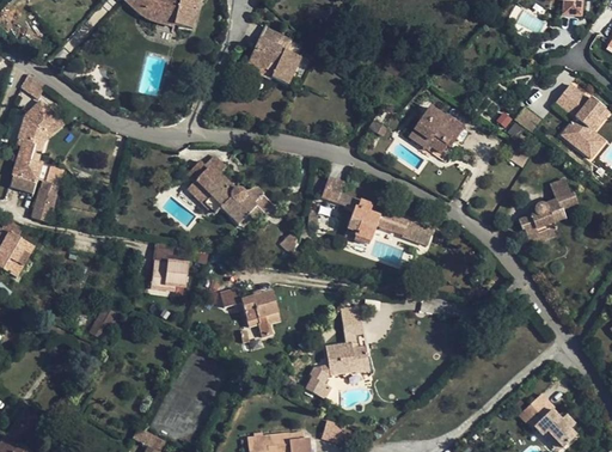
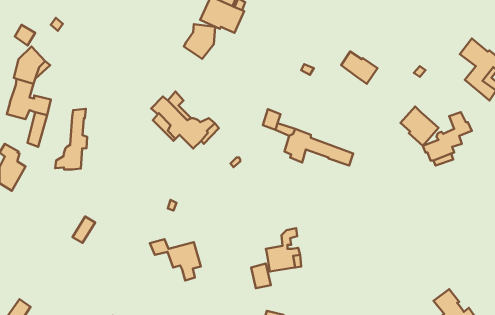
building: none -> [184,24,215,59]
building: [408,122,452,160] -> none
building: none -> [401,106,438,146]
building: none -> [55,109,87,169]
building: [151,259,188,289] -> none
building: [219,286,281,336] -> [150,239,201,280]

